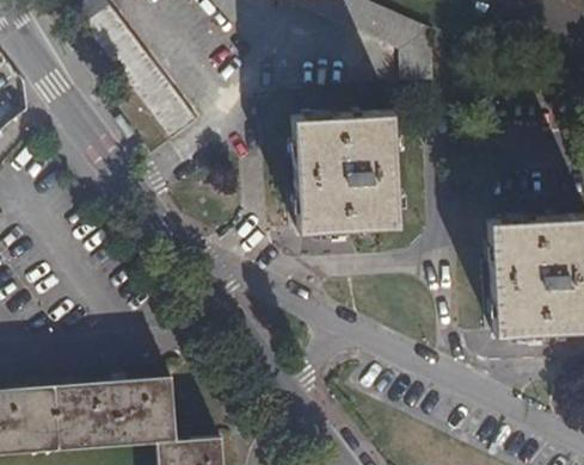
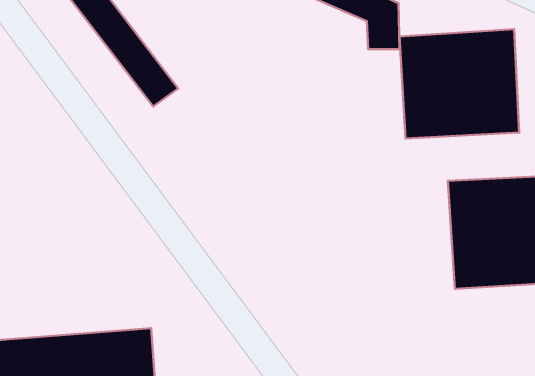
building: none -> [399,29,519,139]
building: [294,113,399,232] -> none

